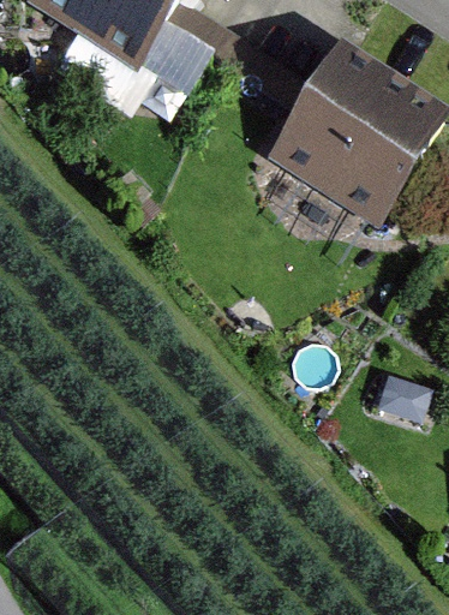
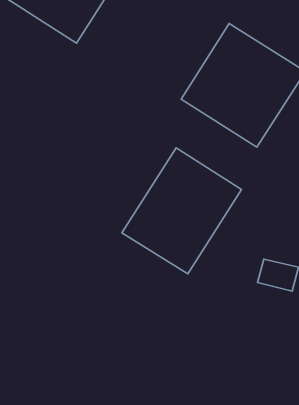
building: none -> [122,148,242,274]

